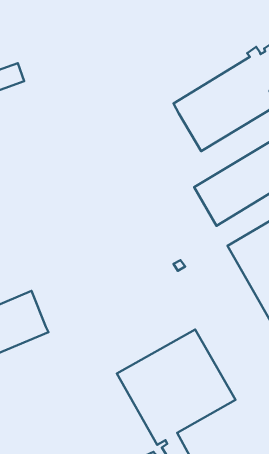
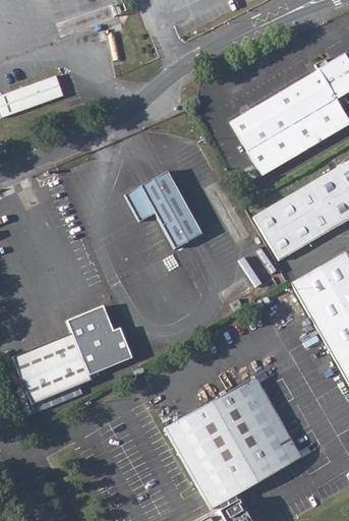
building: none -> [124,172,201,248]
building: none -> [64,305,133,374]

